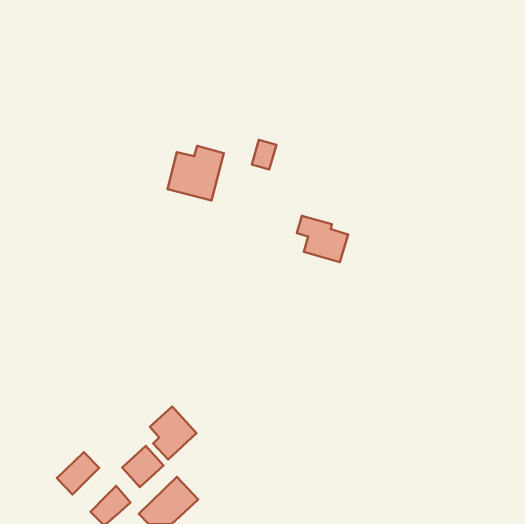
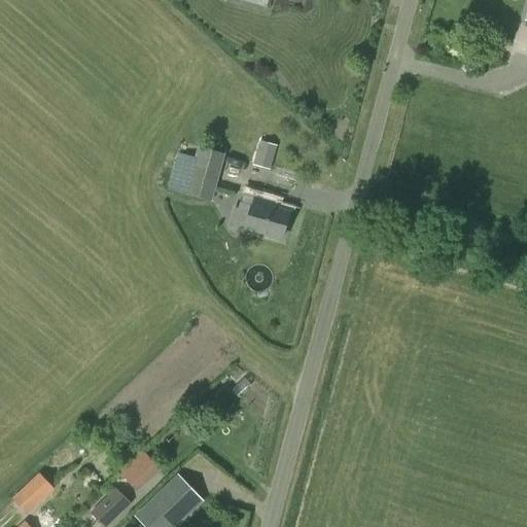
building: [297,216,348,262] -> [238,194,289,240]
building: [150,407,197,460] -> none
building: [57,452,99,494] -> [12,472,55,515]

